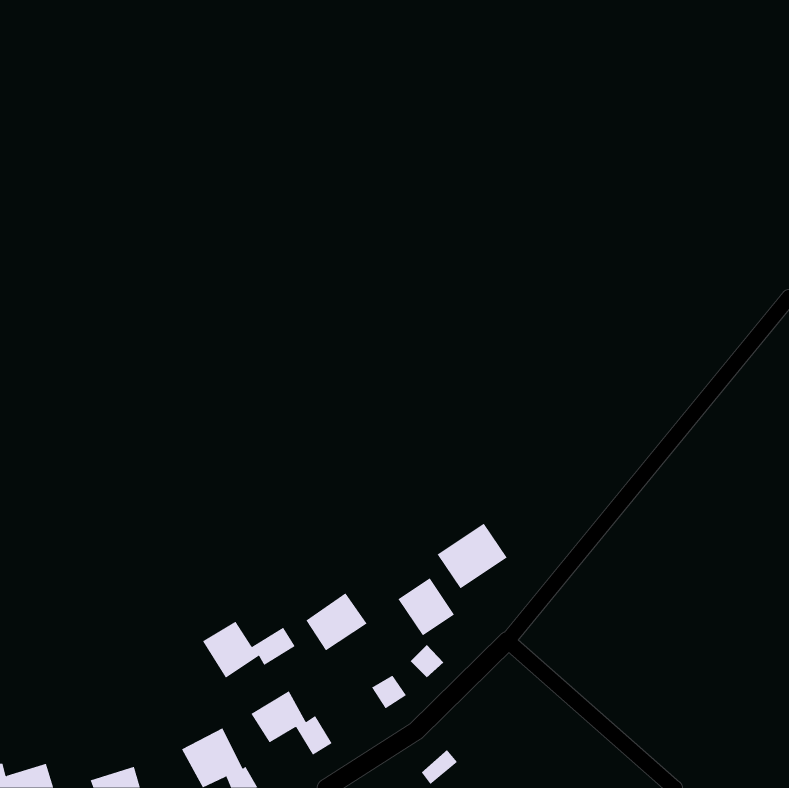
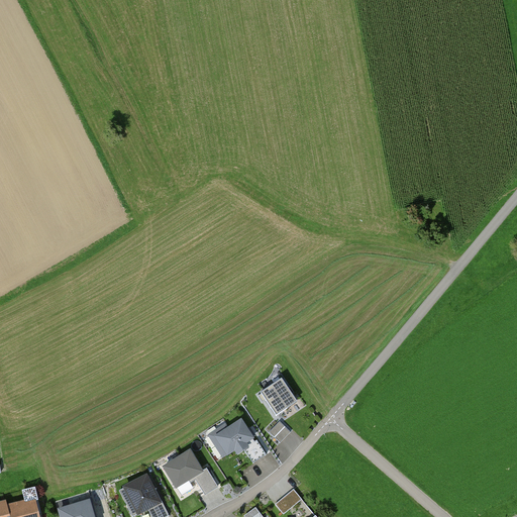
building: [437,523,507,589] -> none
building: [306,592,367,651] -> [213,418,253,456]
building: [202,621,295,679] -> none

